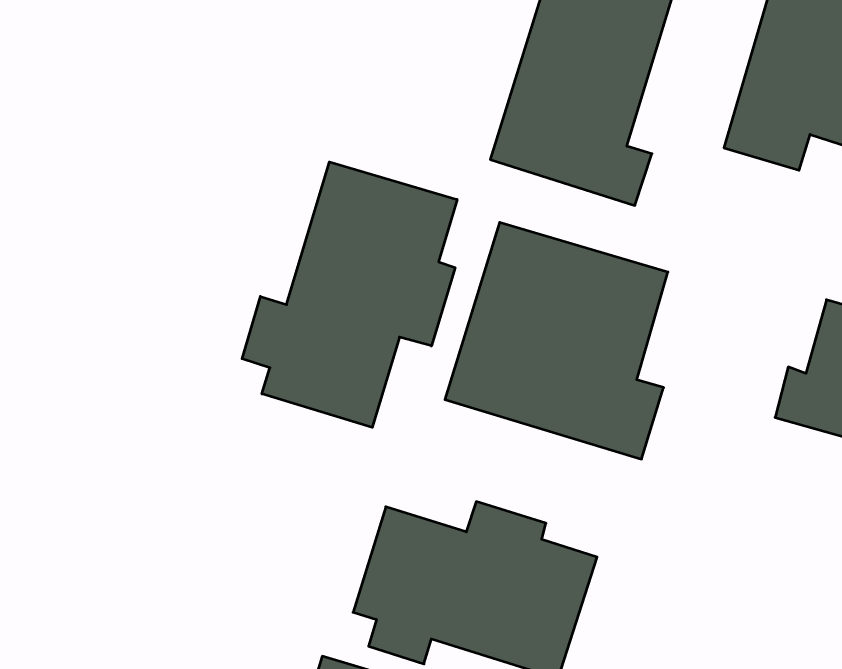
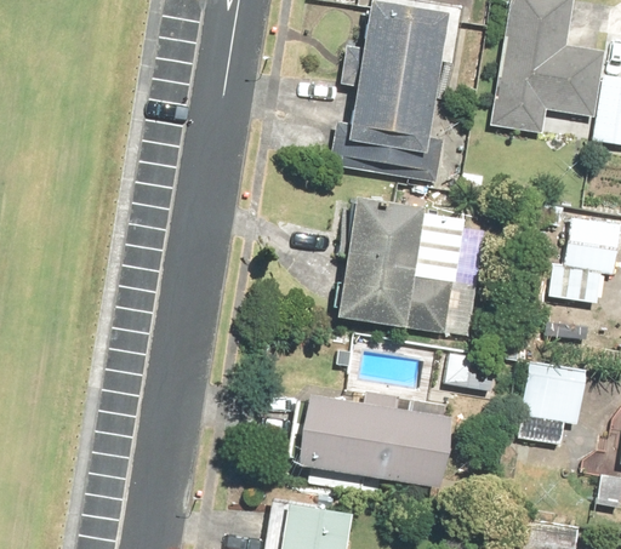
building: [242,162,457,427] -> none
building: none -> [523,365,587,444]

